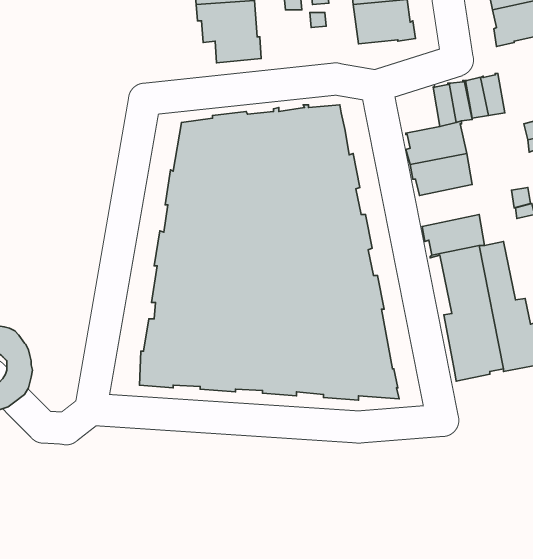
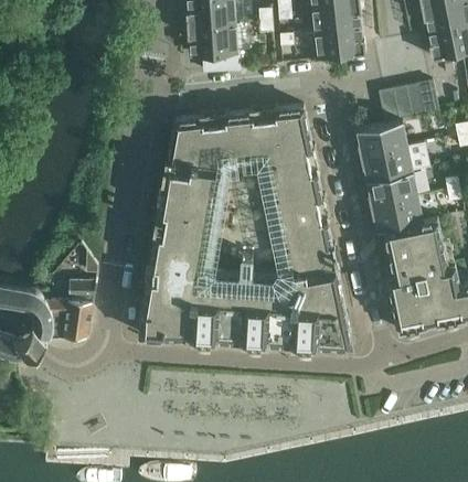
building: none -> [368,172,416,206]
building: none -> [45,280,94,338]

